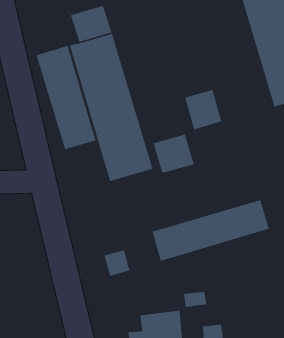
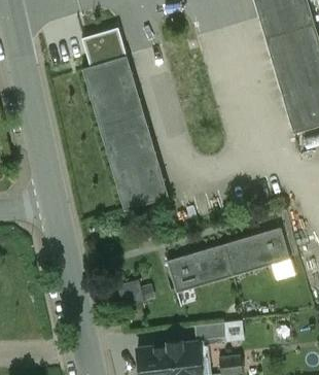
building: [35,45,96,150] -> none
building: [184,89,222,130] -> none
building: [152,134,195,174] -> none

